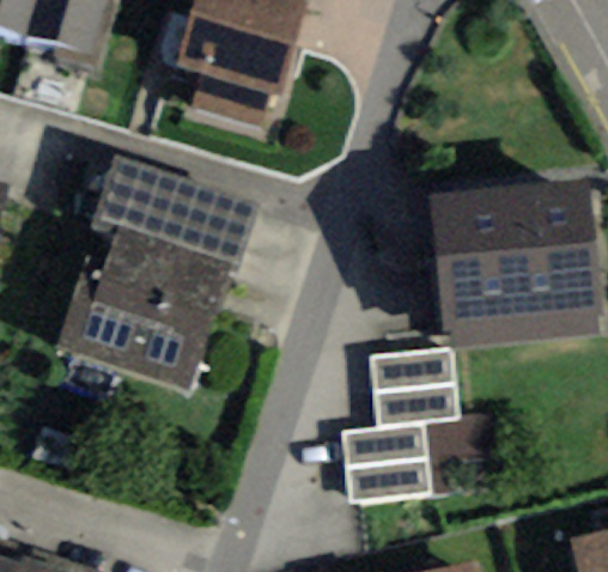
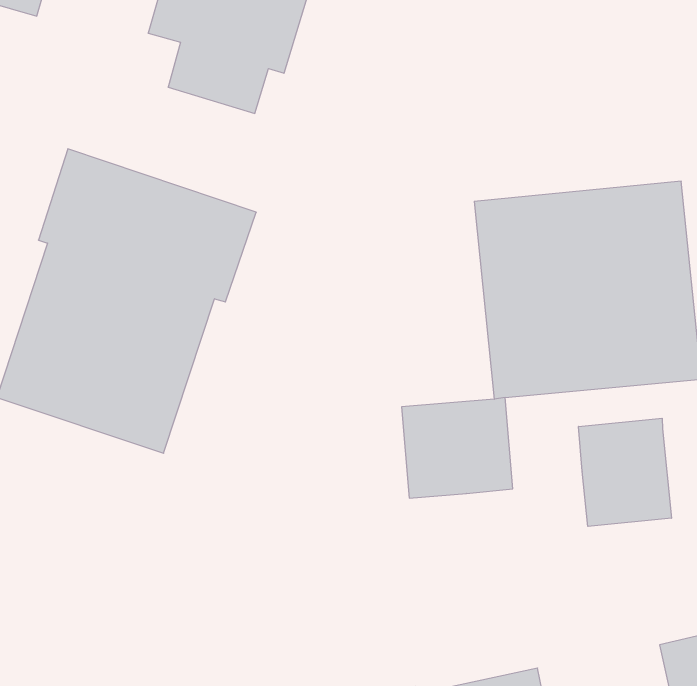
building: none -> [579,418,671,526]
building: [342,422,428,503] -> none

